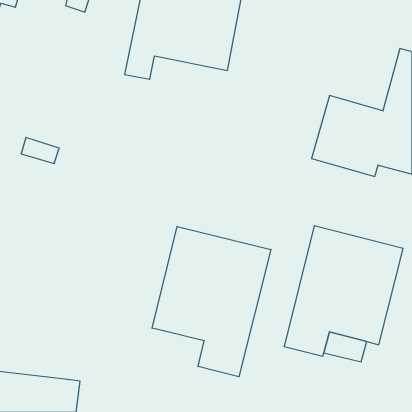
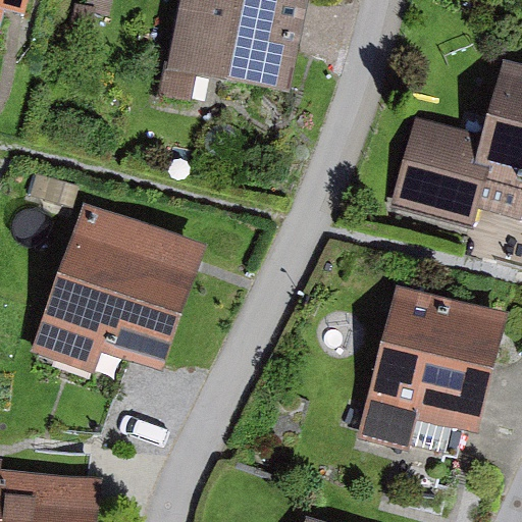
building: none -> [35,207,201,368]
building: [152,226,271,377] -> none

